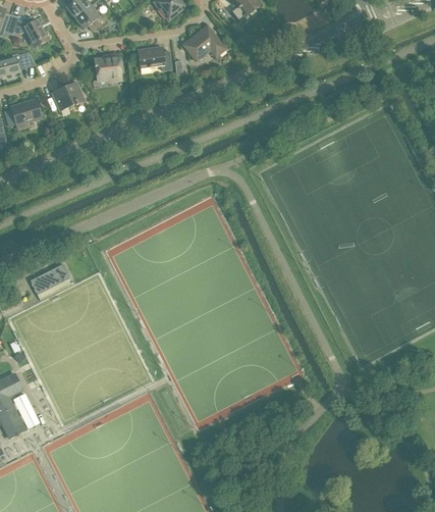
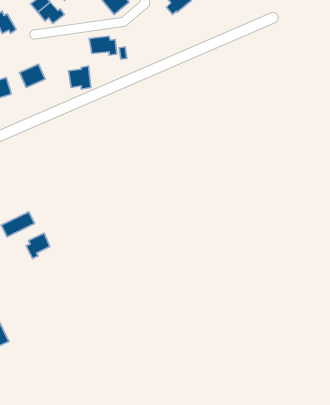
building: [182,24,226,61] -> none
building: [94,53,121,82] -> [69,66,91,89]
building: none -> [26,233,50,259]

